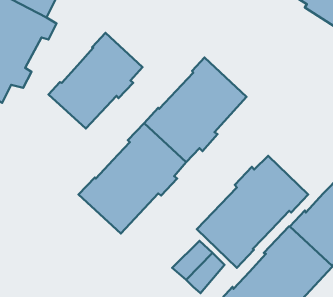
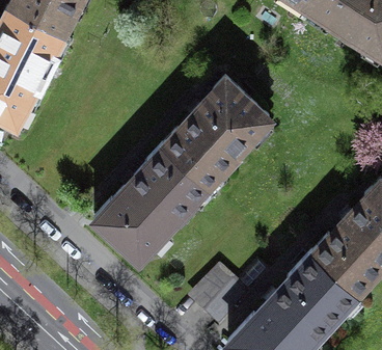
building: [49,33,143,129] -> none
building: [197,156,308,268] -> none

